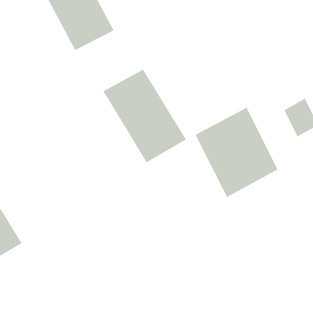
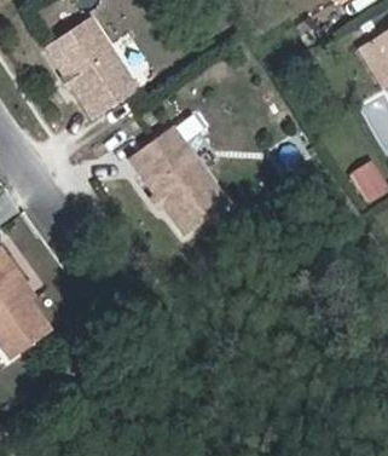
building: [195,107,278,198] -> none

